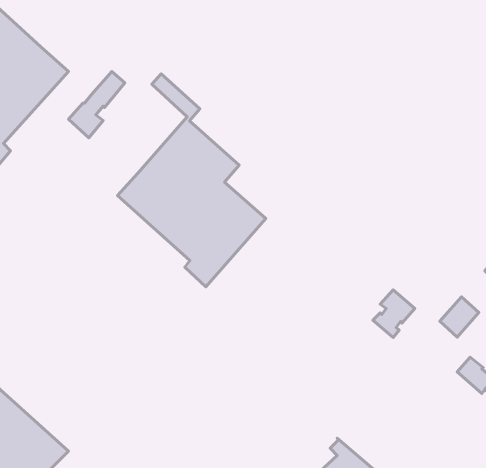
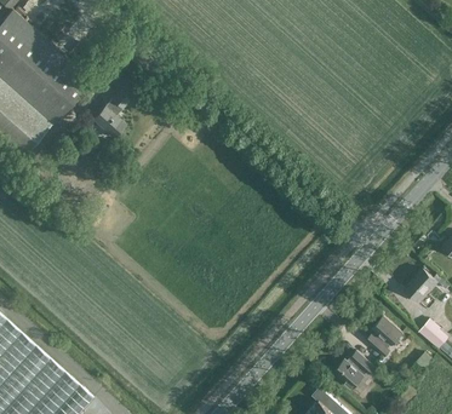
building: [118,74,266,287] -> none
building: [373,290,415,337] -> [365,315,400,355]
building: none -> [332,349,373,386]

